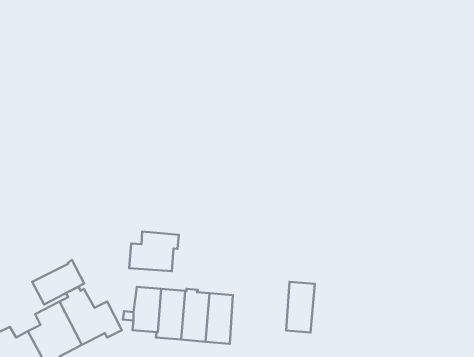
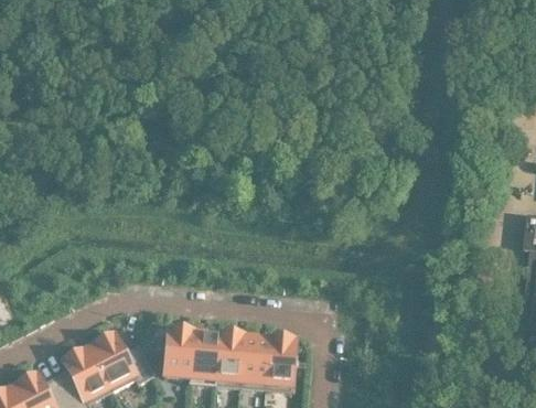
building: [129,231,179,271] -> none
building: [32,260,84,304] -> none
building: [286,282,315,333] -> [267,336,297,389]

